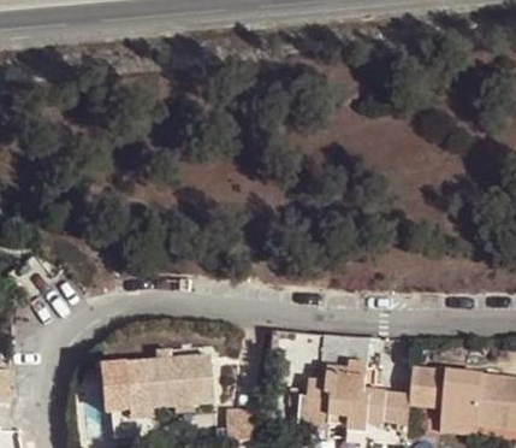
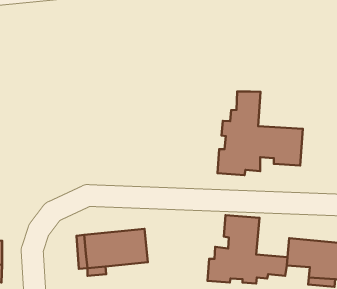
building: none -> [217,91,303,175]

